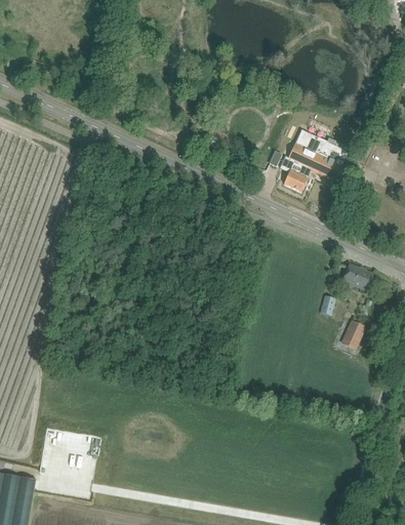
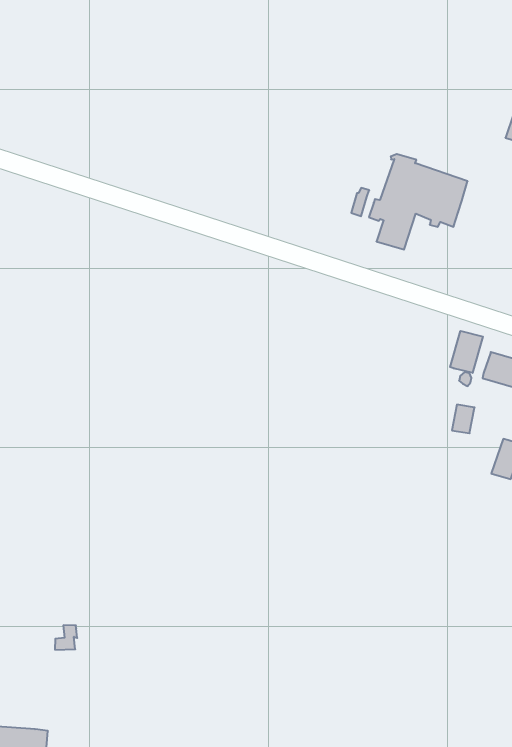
building: none -> [450,331,483,373]

